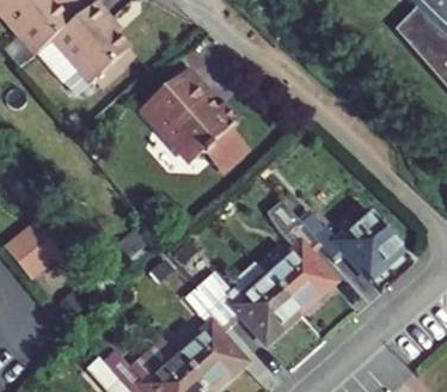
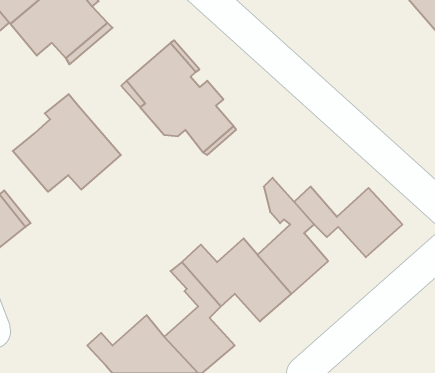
building: none -> [13,94,121,192]

